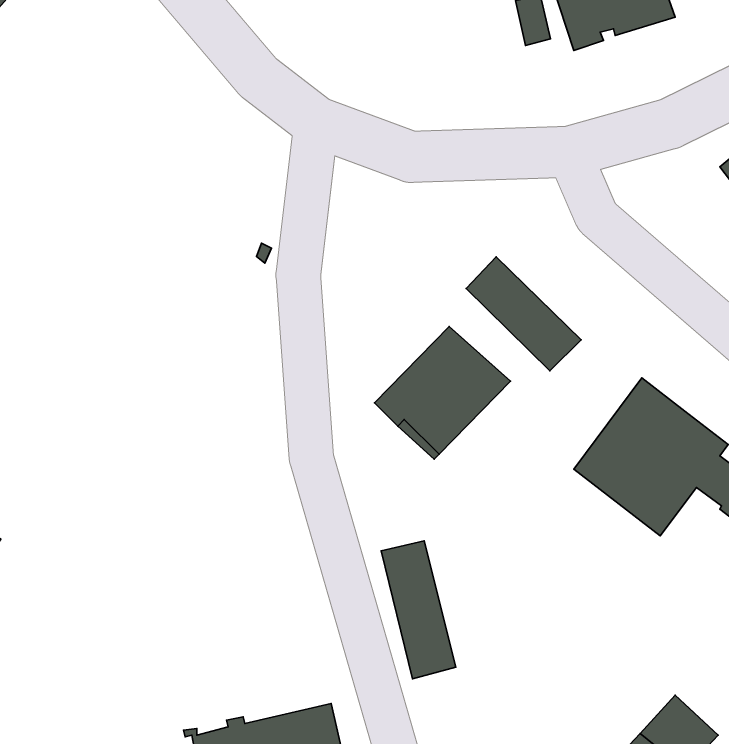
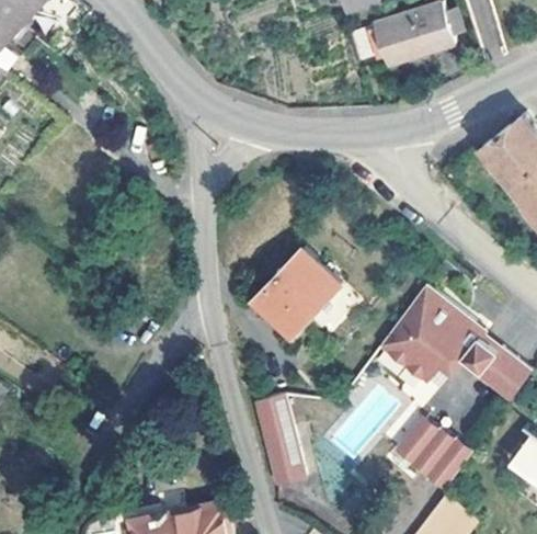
building: [466,257,581,371] -> none
building: none -> [398,423,473,489]

